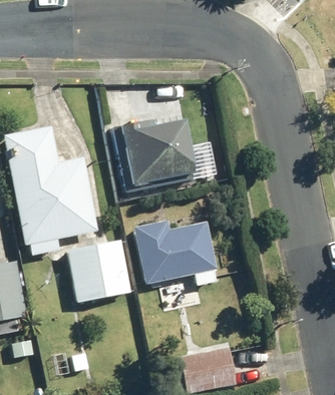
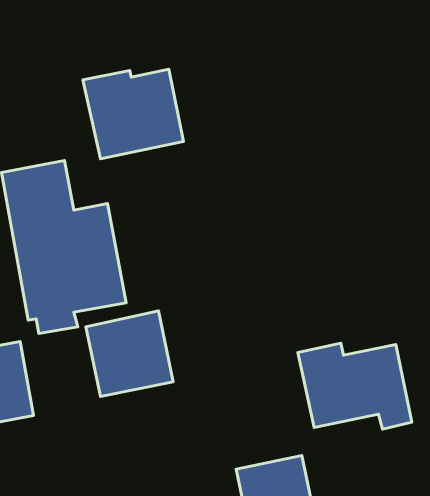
building: [117,118,193,185] -> [83,69,184,159]
building: [133,221,219,285] -> [298,343,412,429]

